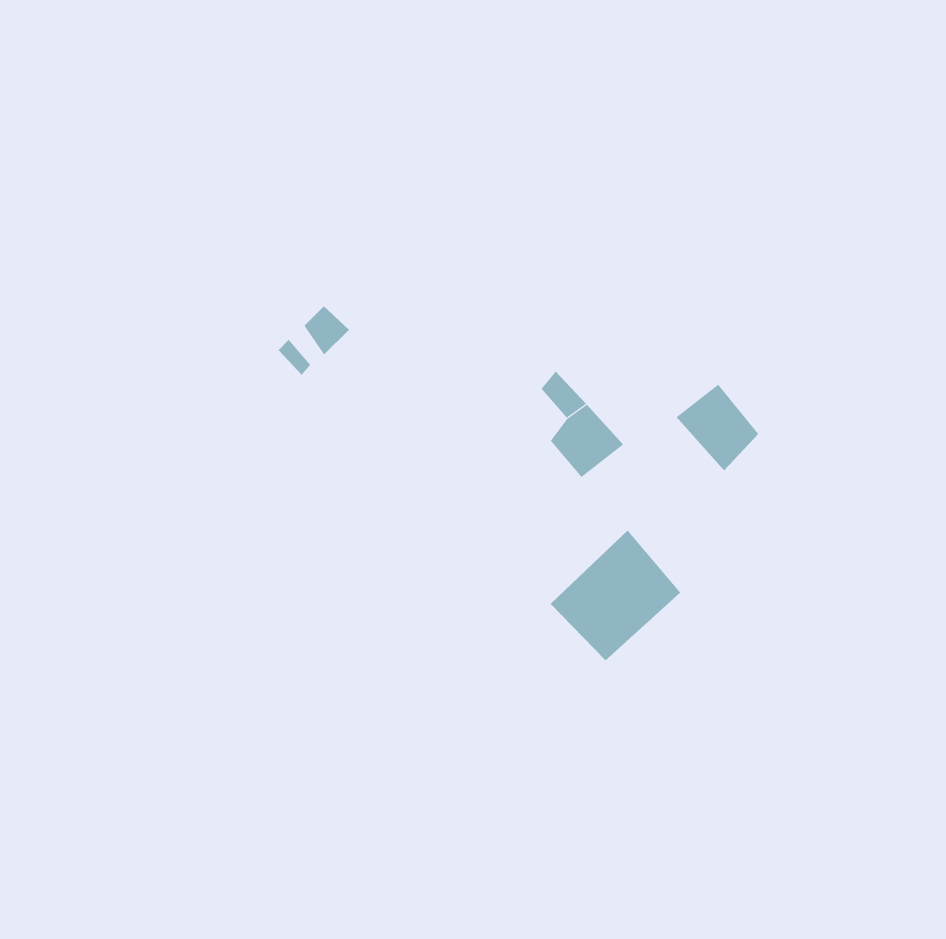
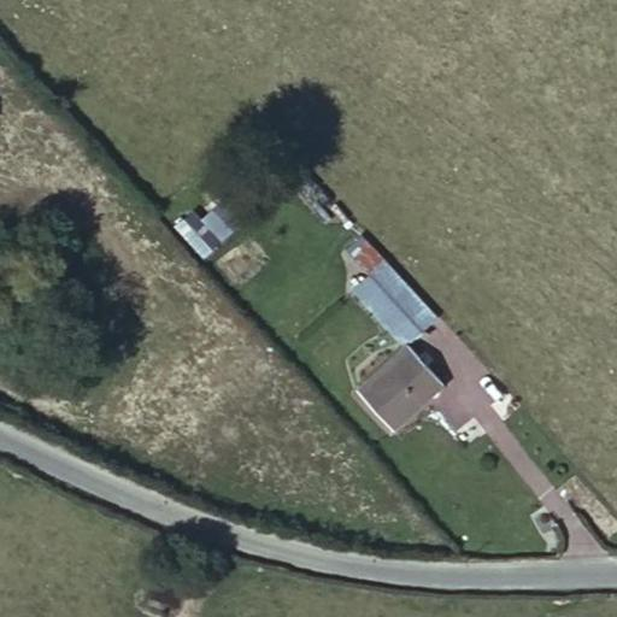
building: [676,384,759,471] -> [378,289,433,346]

